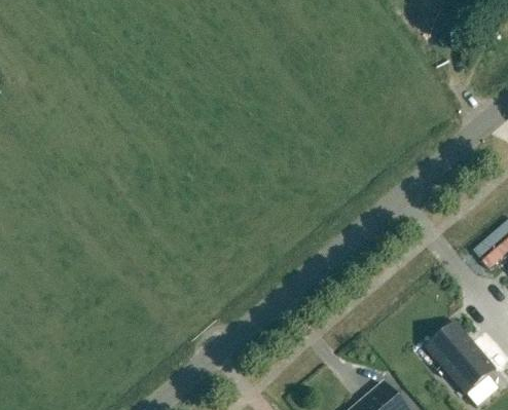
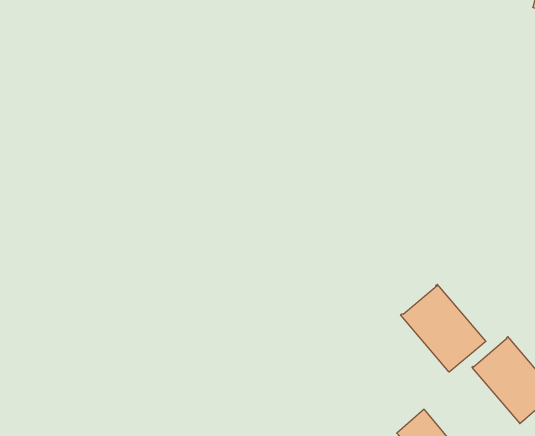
building: none -> [401,284,486,372]

